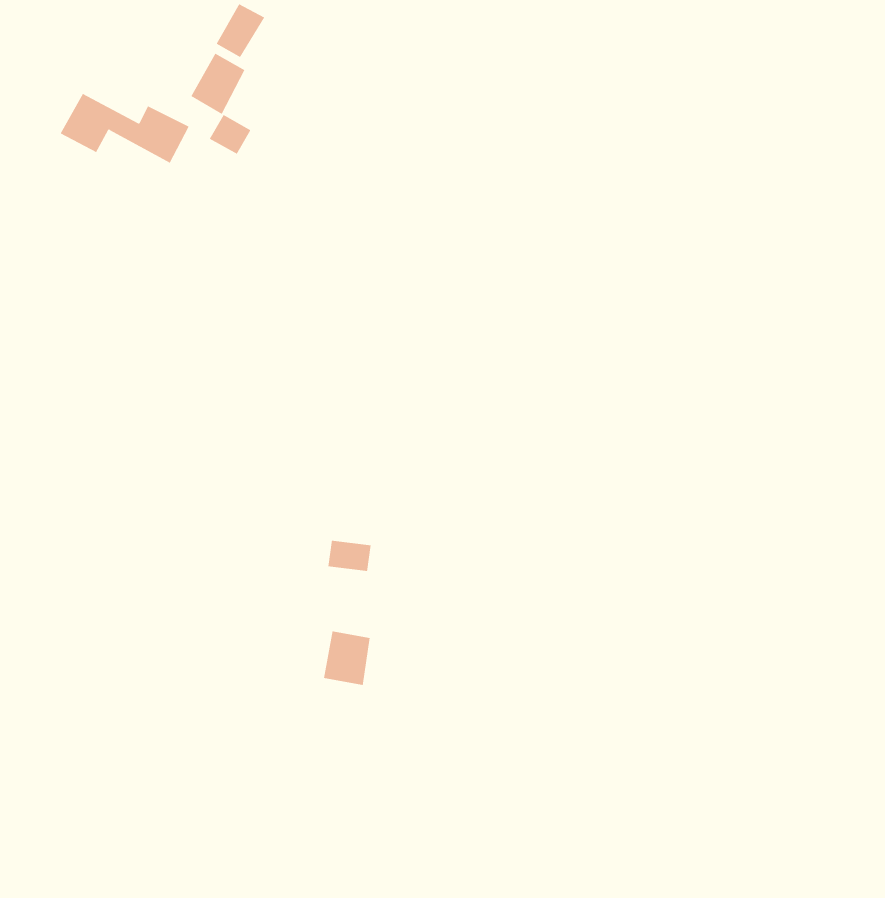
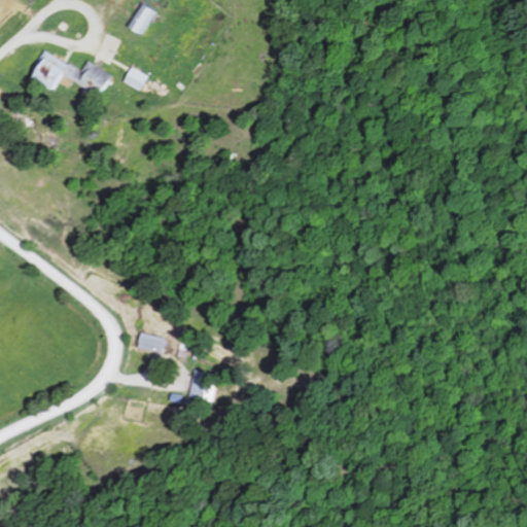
building: [191,53,245,115] -> none
building: [328,540,371,572] -> [139,333,165,352]

